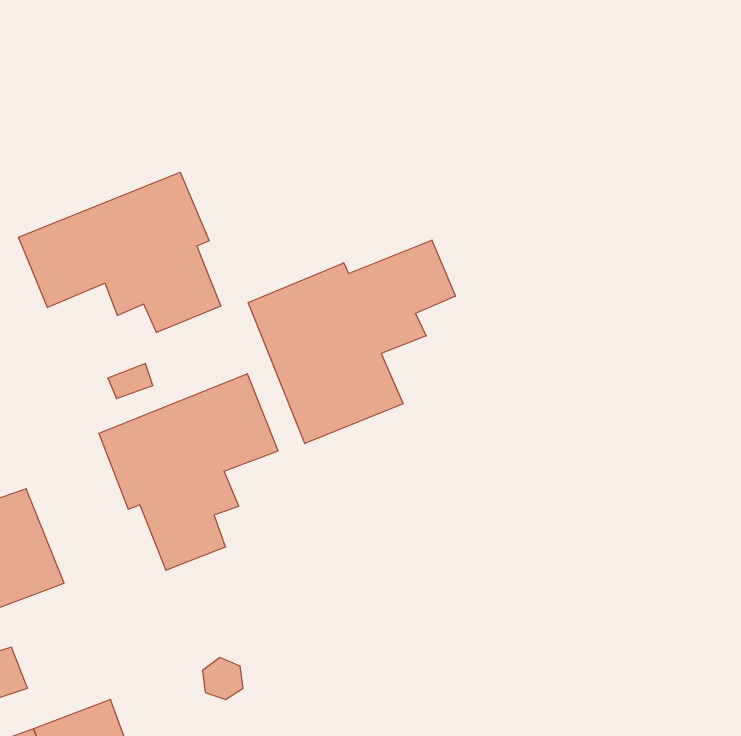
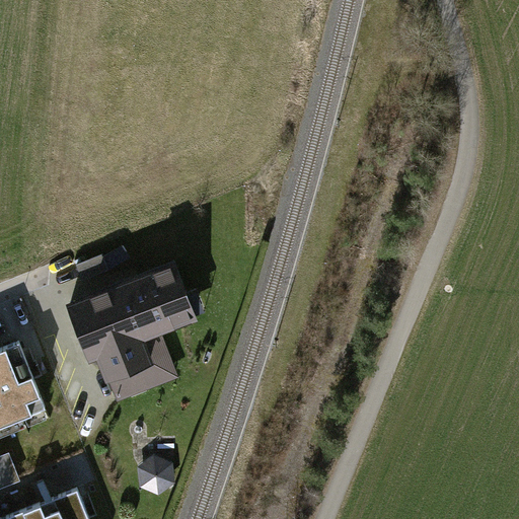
building: [19,172,221,333] -> none
building: [248,240,455,444] -> none

